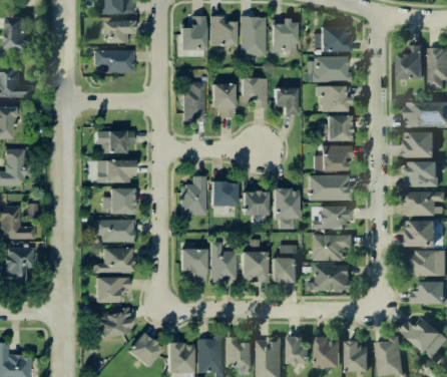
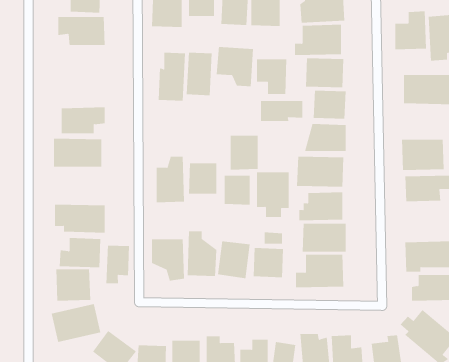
building: none -> [261,100,303,122]
building: [401,130,435,157] -> none
building: none -> [230,135,258,170]
building: [101,187,136,216] -> none
building: [402,221,435,247] -> none
building: none -> [106,245,129,284]

